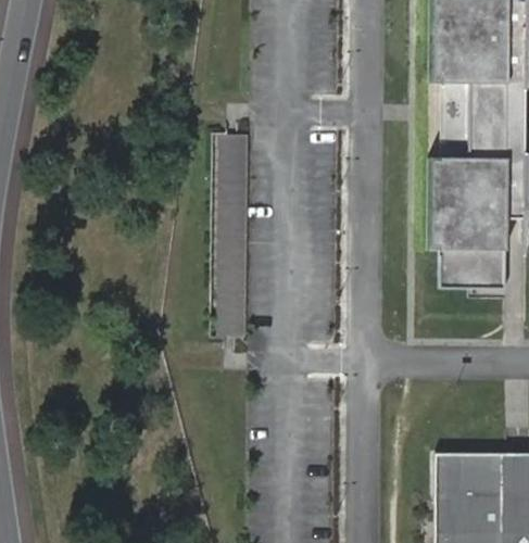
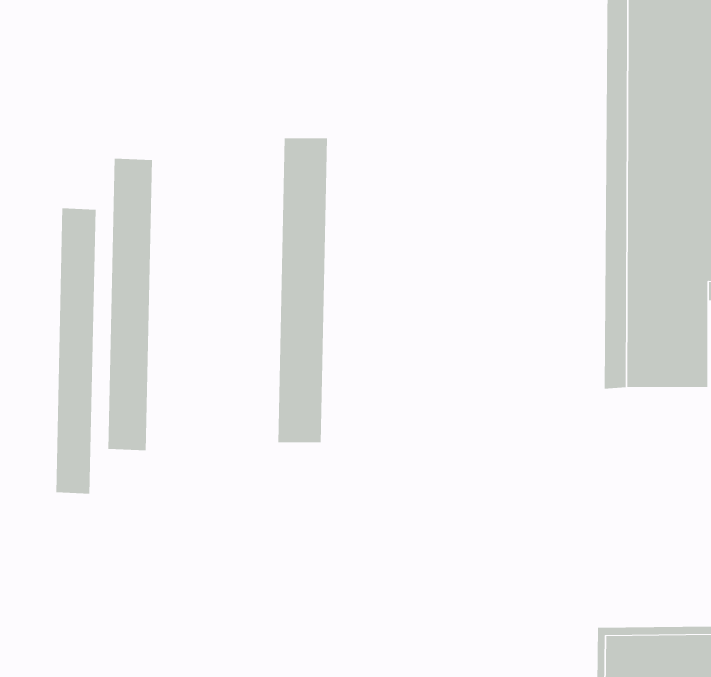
building: none -> [108,158,152,451]
building: none -> [56,208,96,494]

